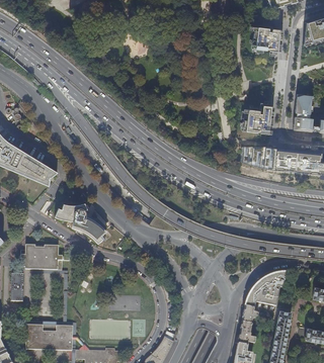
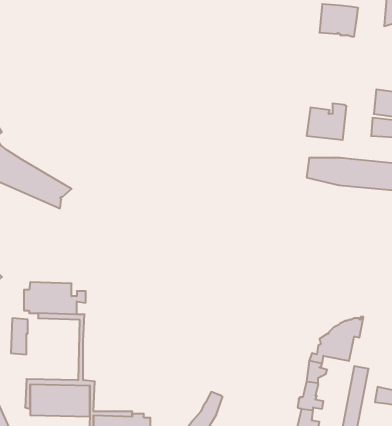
building: [54,202,106,243] -> none

